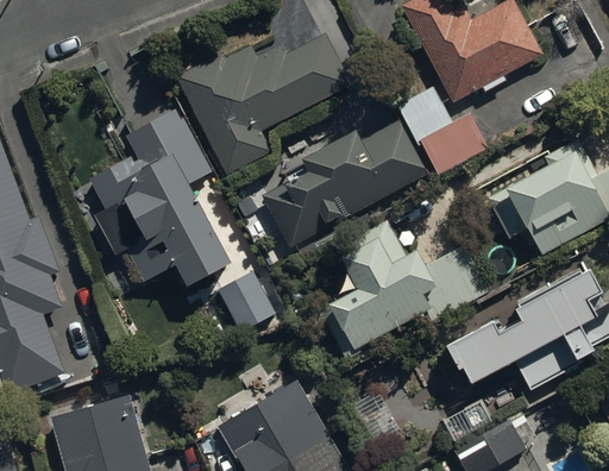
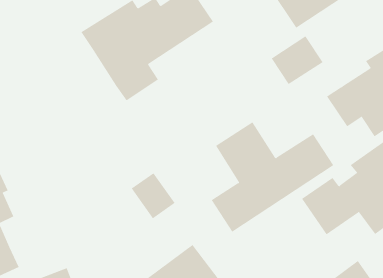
building: [88,106,233,294] -> none
building: [259,123,426,247] -> none

